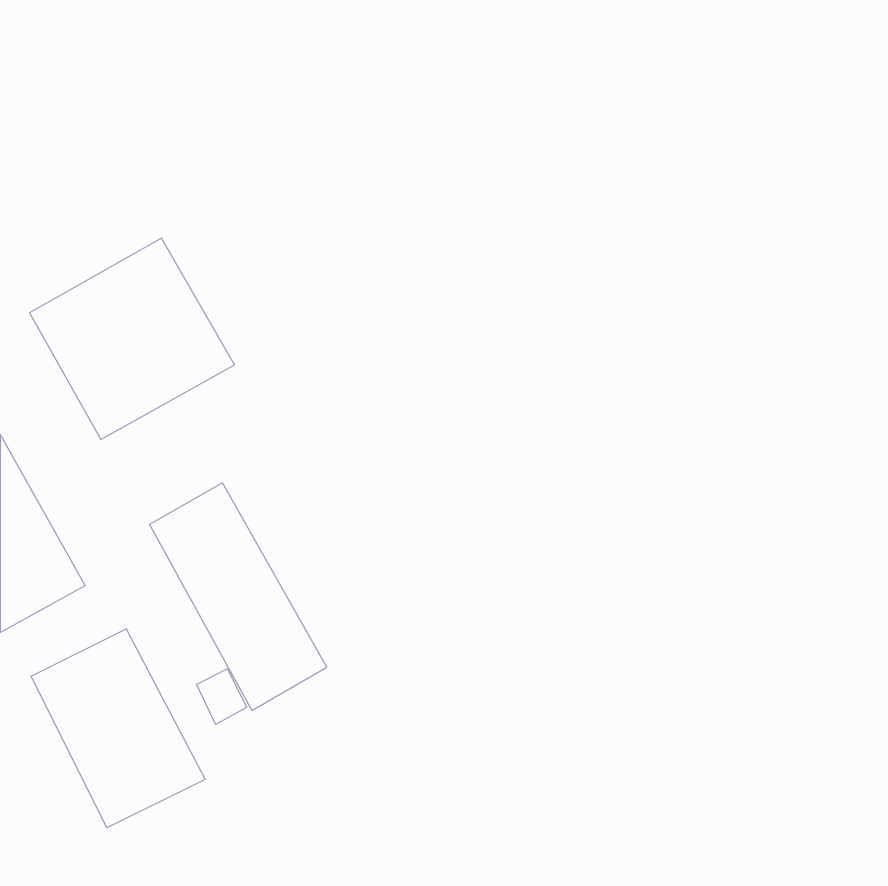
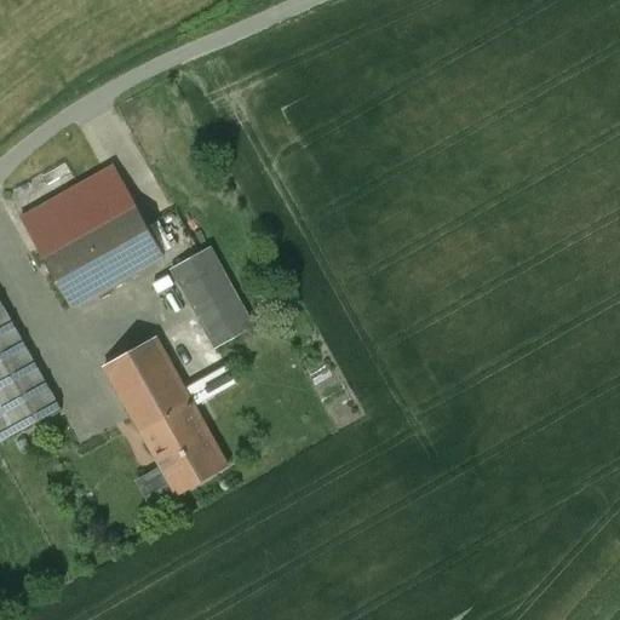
building: none -> [171,247,253,348]
building: [31,629,205,828] -> none

